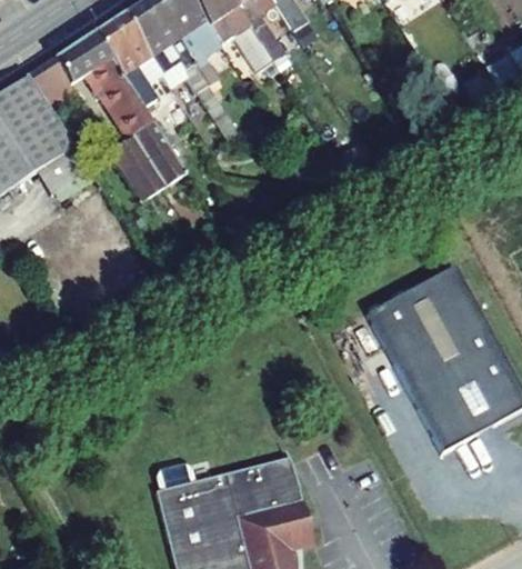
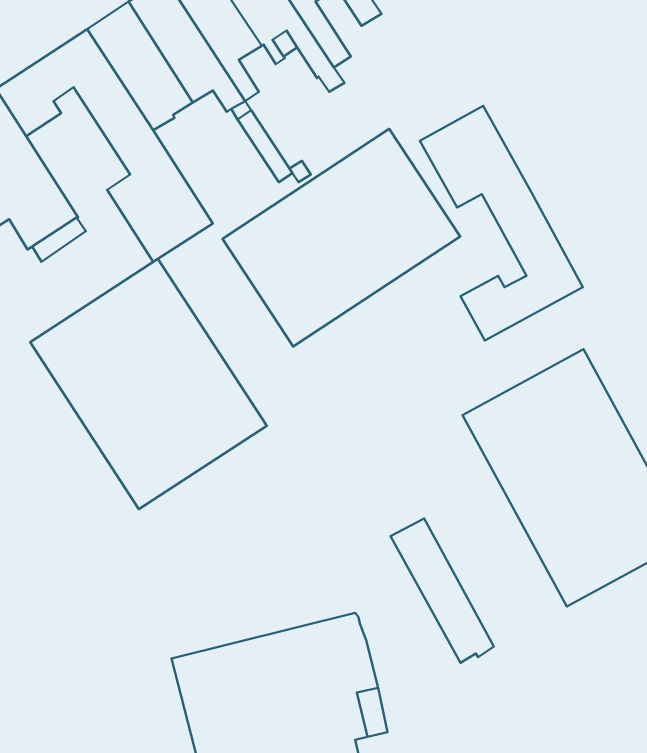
building: none -> [420,106,583,341]
building: none -> [222,129,460,347]
building: none -> [30,259,267,509]
building: none -> [391,519,494,663]

